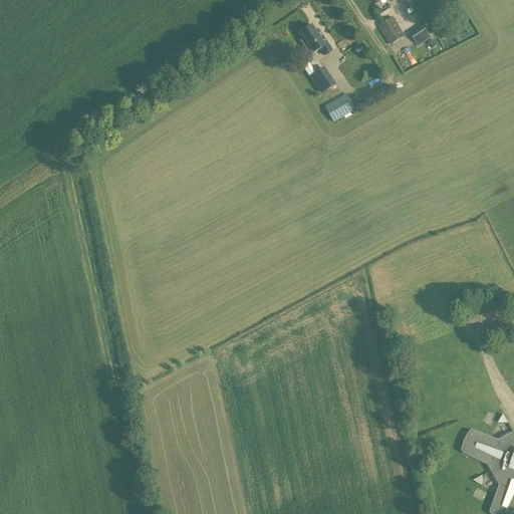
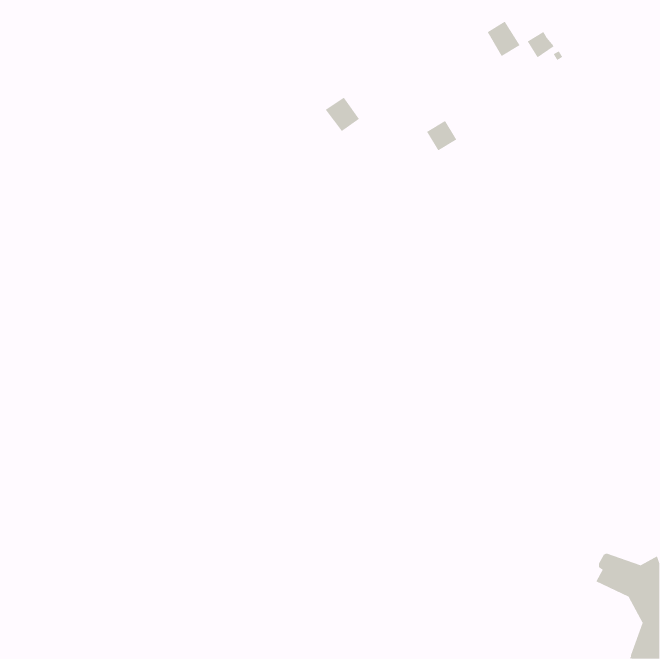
building: [300,24,331,54] -> none
building: [309,66,336,93] -> [325,97,360,132]

